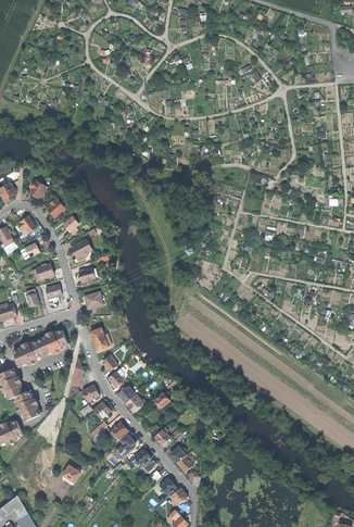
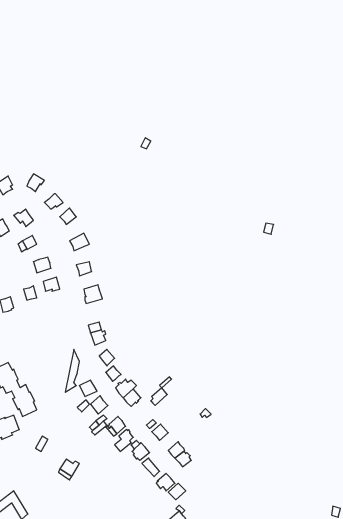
building: [13,330,67,366] -> none

